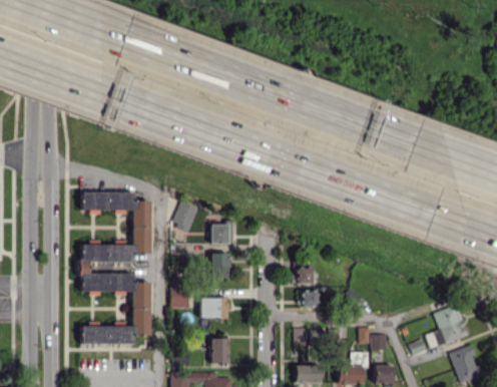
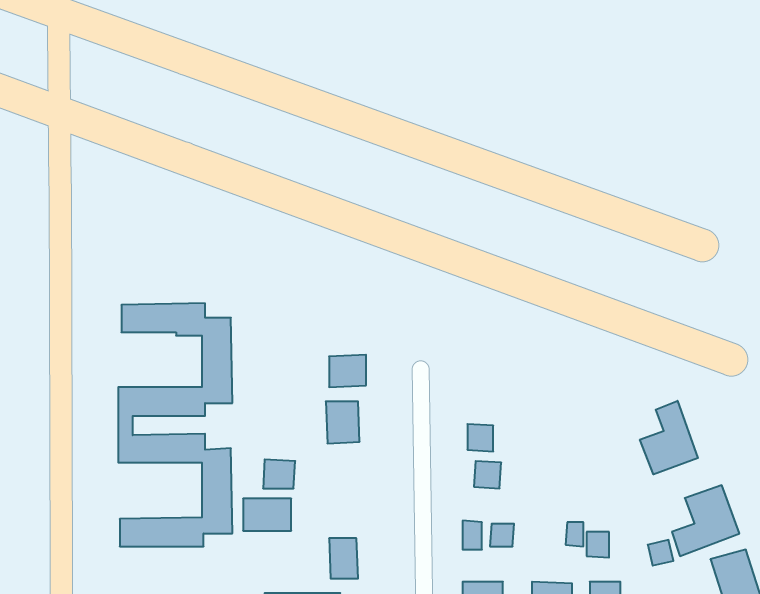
building: [173,201,199,231] -> none
building: none -> [640,401,698,474]
building: [200,298,230,318] -> [243,499,291,531]

